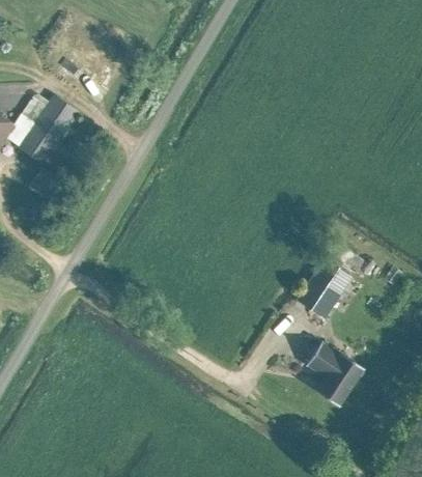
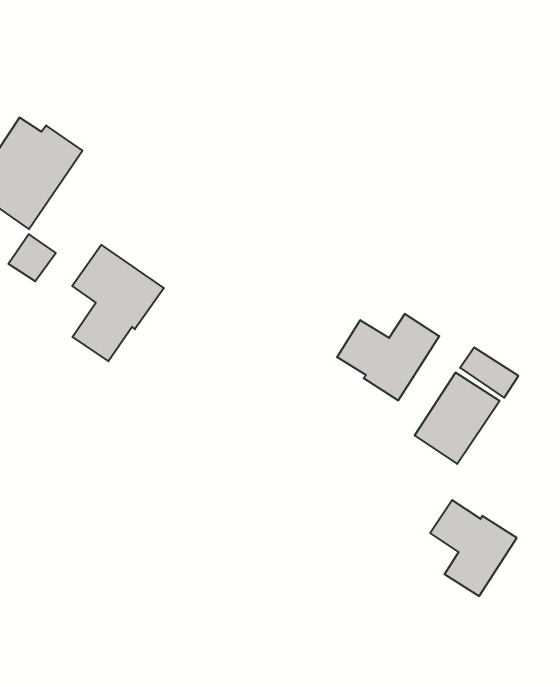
building: none -> [72,245,164,361]
building: none -> [337,314,439,401]

